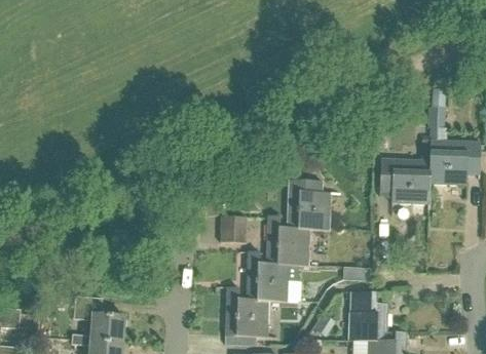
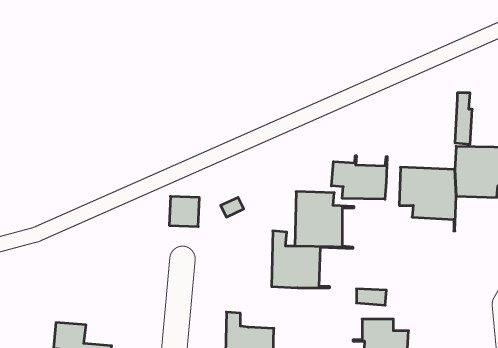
building: none -> [331,156,387,199]
building: [220,215,247,242] -> [169,196,199,227]
building: [246,250,297,301] -> none

